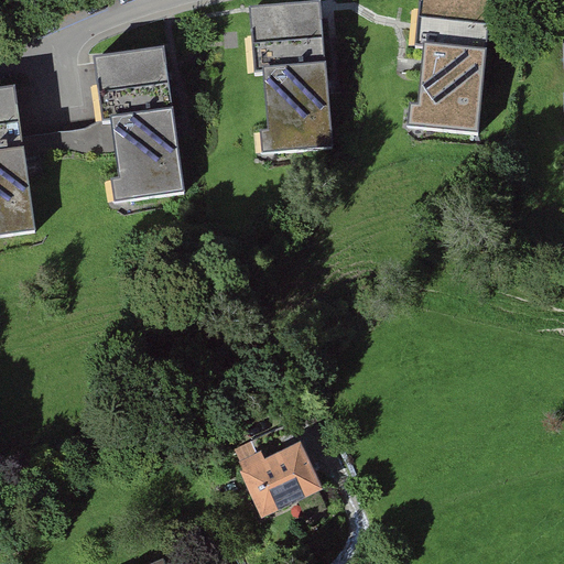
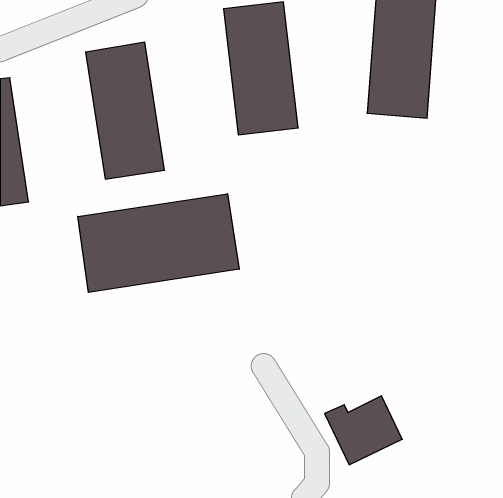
building: none -> [78,194,239,292]
building: [235,433,322,510] -> [325,396,402,465]

